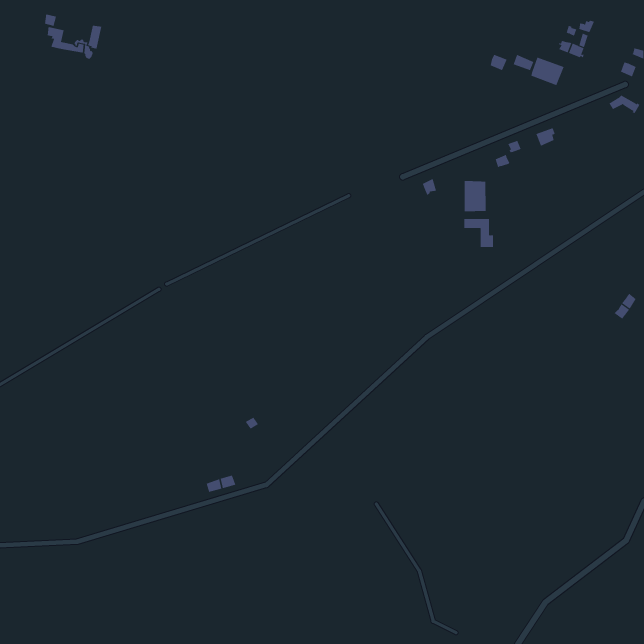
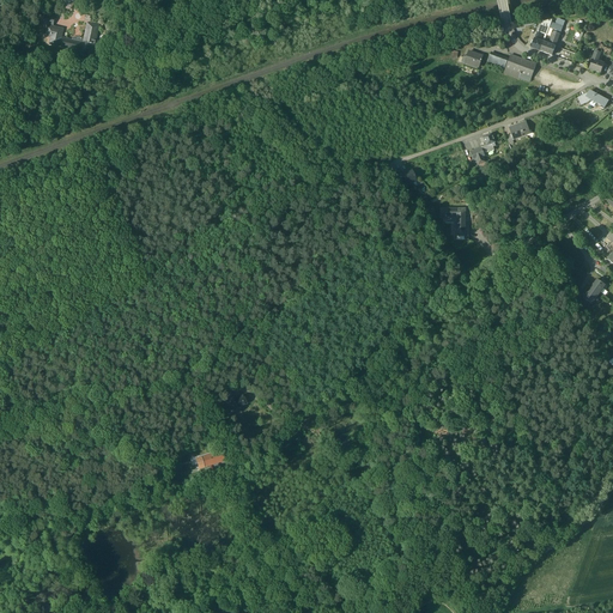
building: [464,180,486,212] -> none

